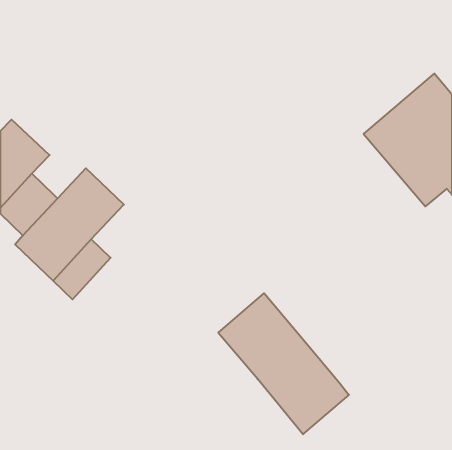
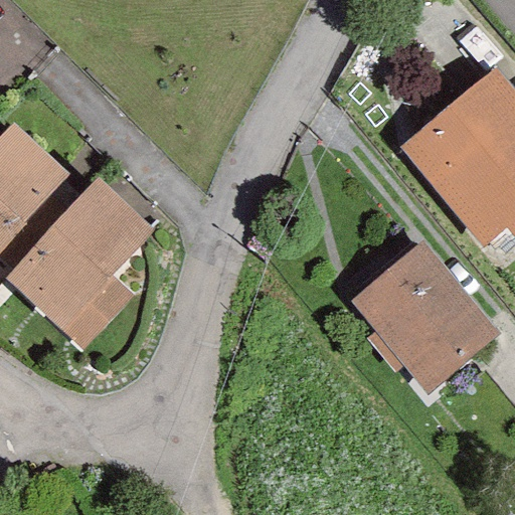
building: none -> [363,252,488,381]
building: [218,293,349,434] -> none

